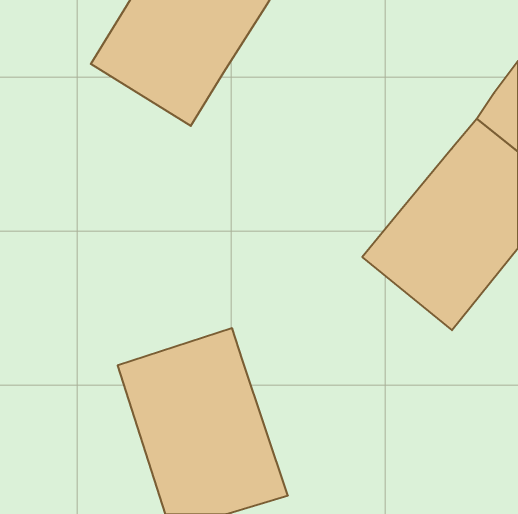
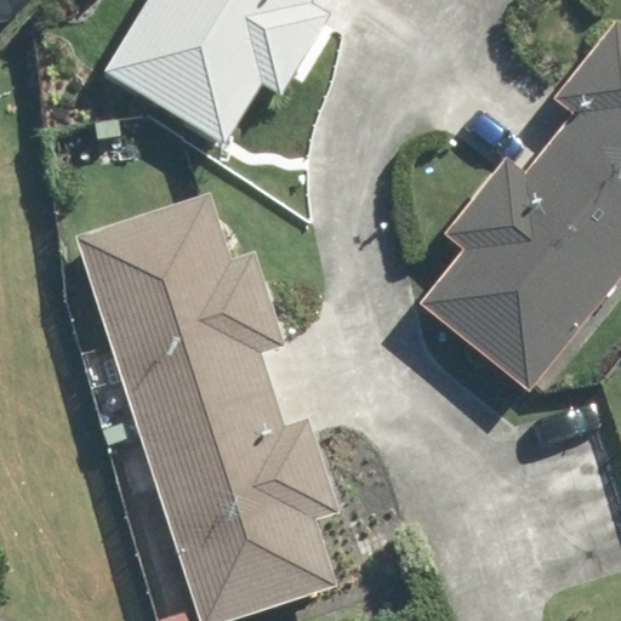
building: none -> [75,192,273,429]

